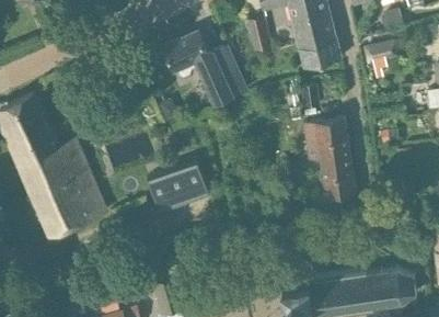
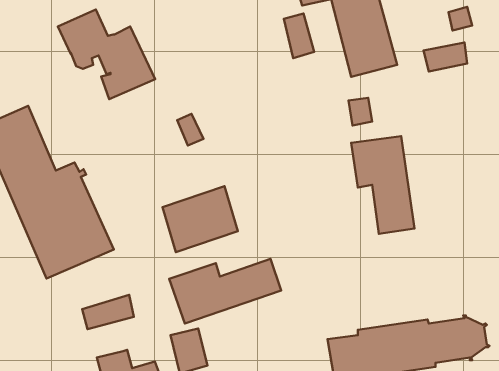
building: [163,33,244,107] -> [58,9,155,99]
building: none -> [169,259,281,323]
building: none -> [82,295,134,329]

